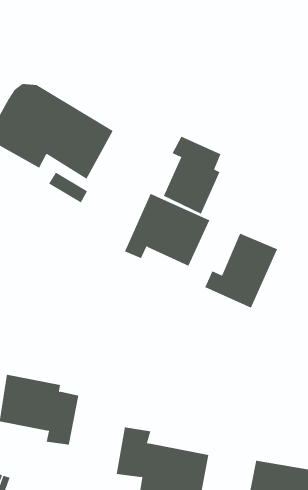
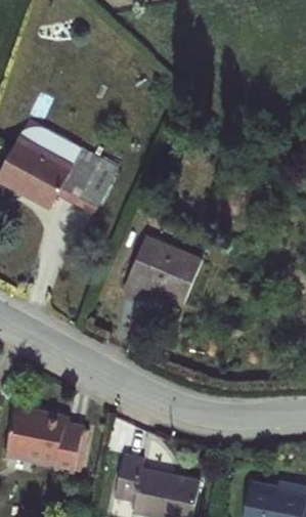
building: [163,136,221,215] -> none
building: [204,233,278,308] -> none

